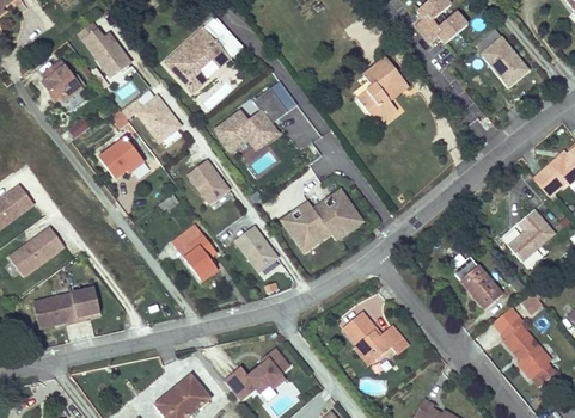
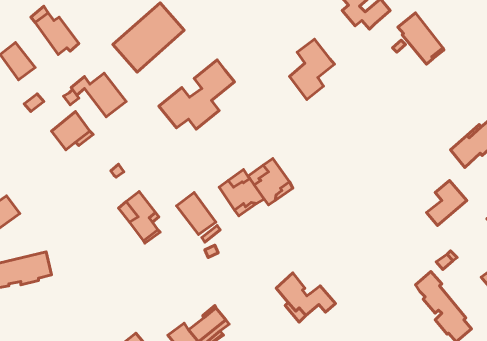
building: [186,158,227,202] -> none
building: [459,264,501,308] -> none

